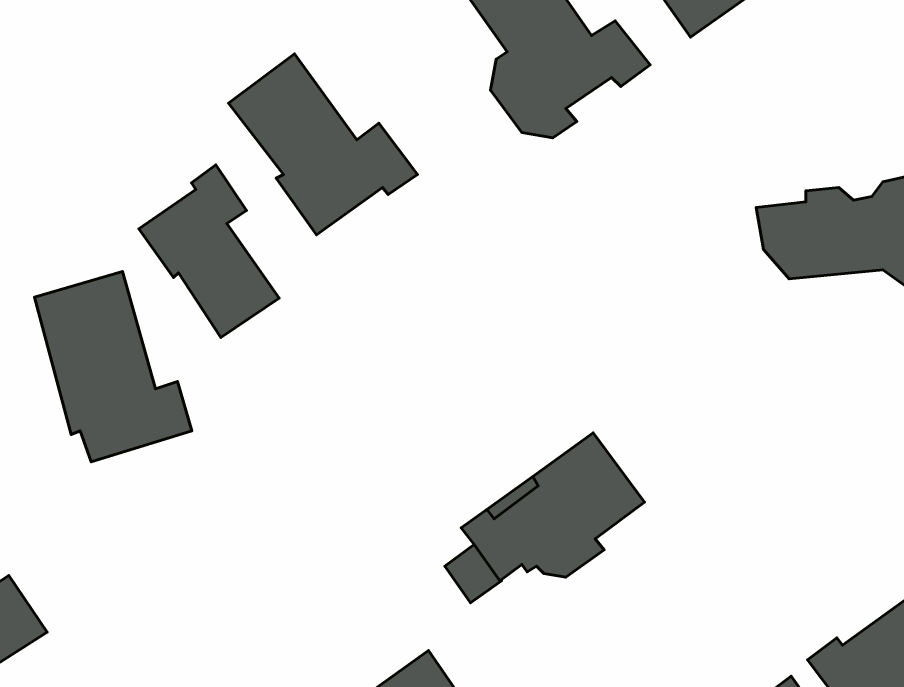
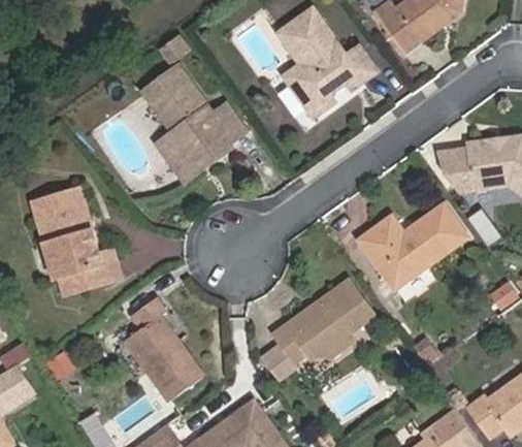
building: [139,165,279,337] -> none
building: none -> [356,202,467,290]
building: none -> [126,296,204,398]

